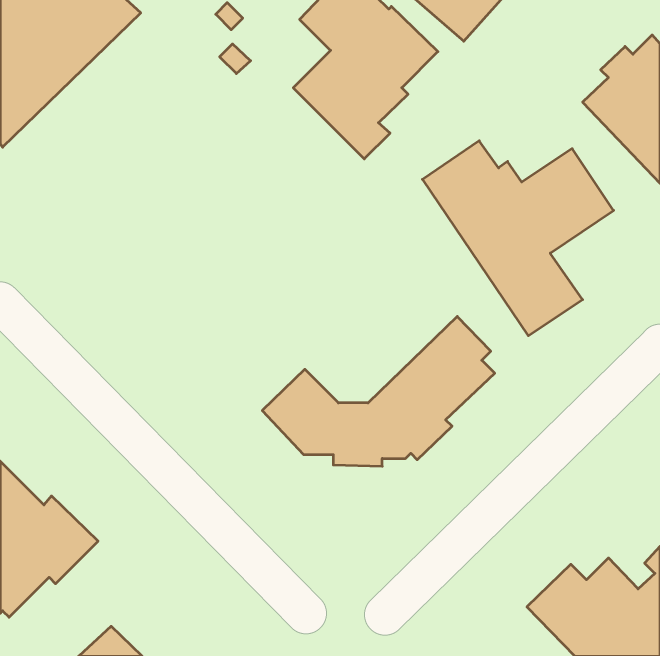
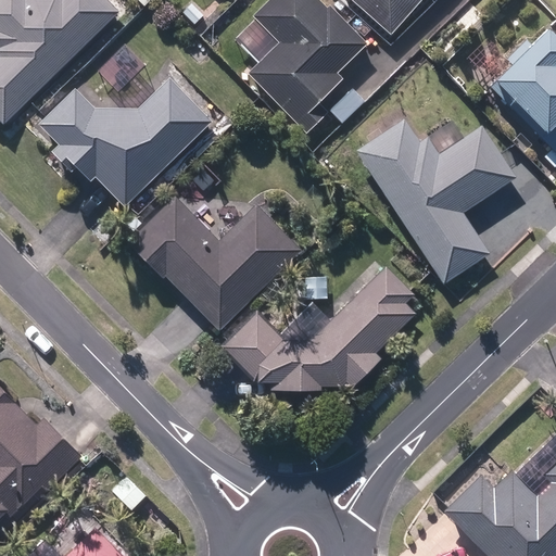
building: none -> [39,78,210,206]
building: none -> [127,195,301,330]

